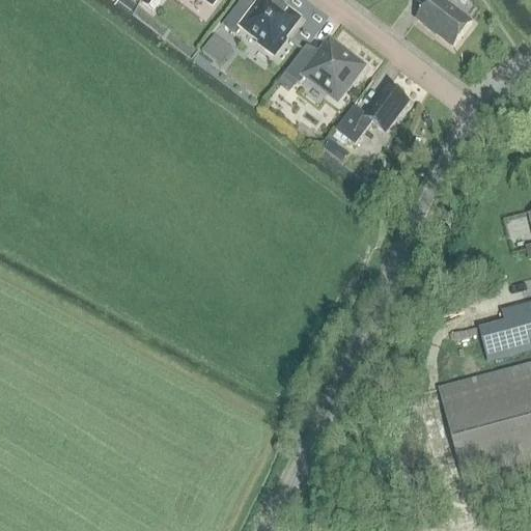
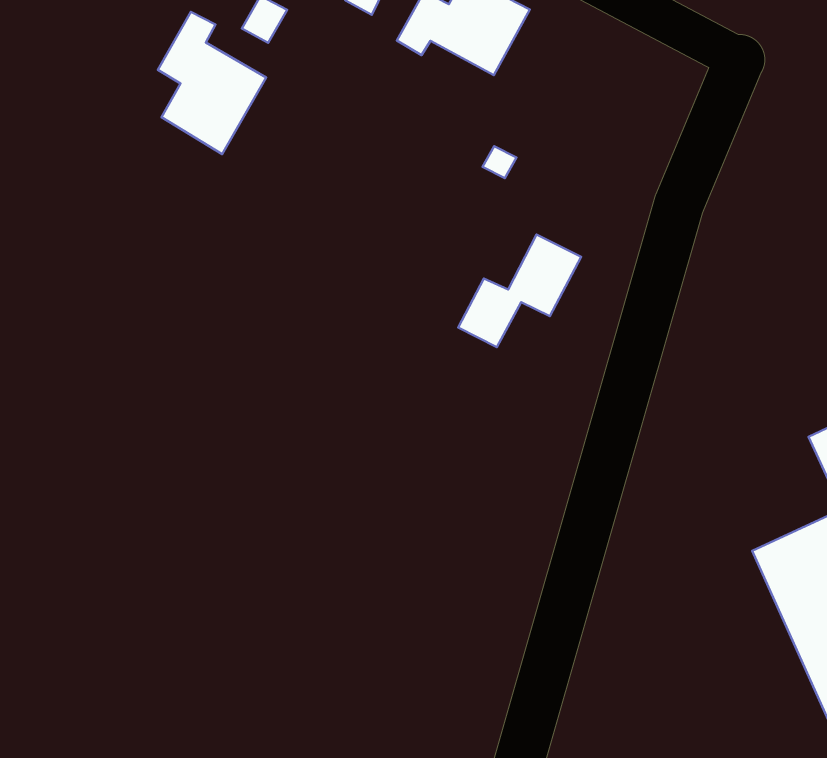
building: none -> [158,12,266,154]
building: [336,83,411,142] -> [458,234,581,347]

